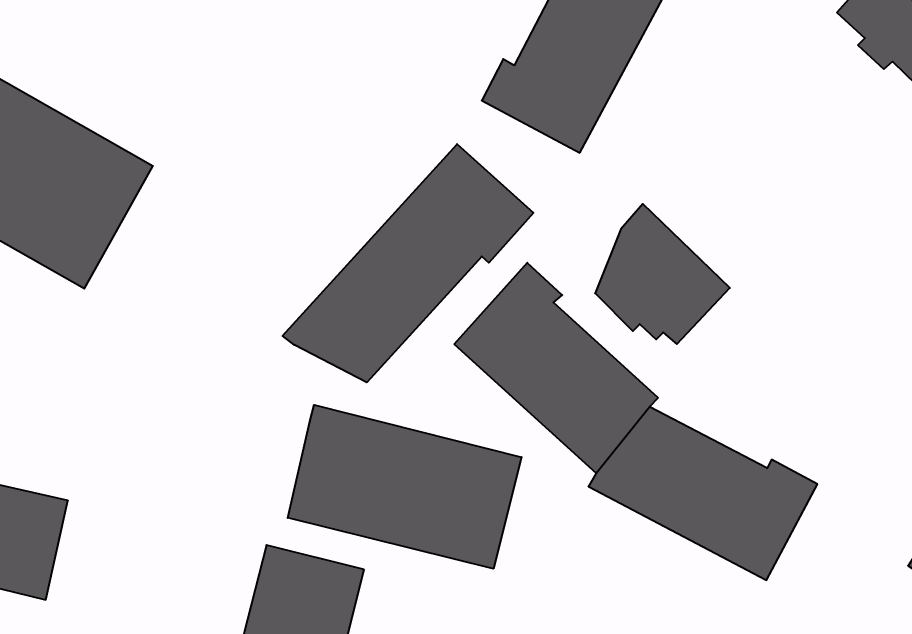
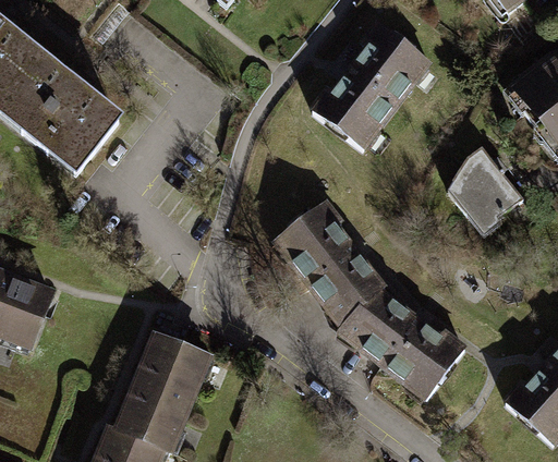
building: [283,144,533,382] -> none
building: [595,204,730,344] -> [448,145,522,224]
building: [288,405,522,569] -> none

